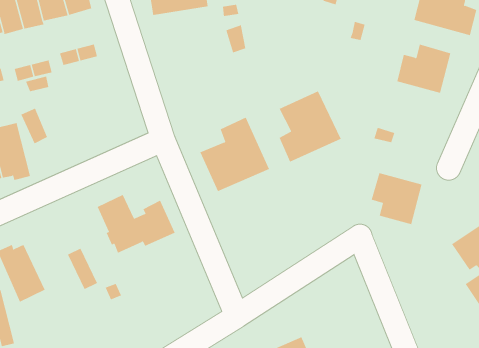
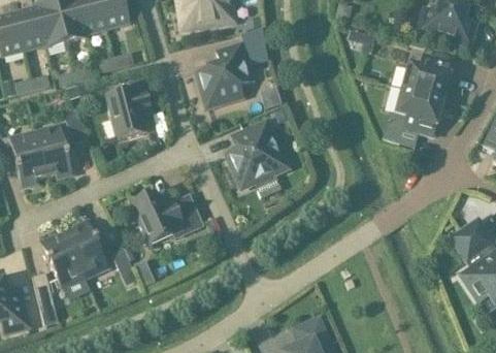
building: none -> [195,43,252,107]
building: none -> [107,78,151,138]
building: [279,91,342,163] -> none
building: [371,173,425,225] -> [396,88,445,135]
building: none -> [66,221,108,277]

